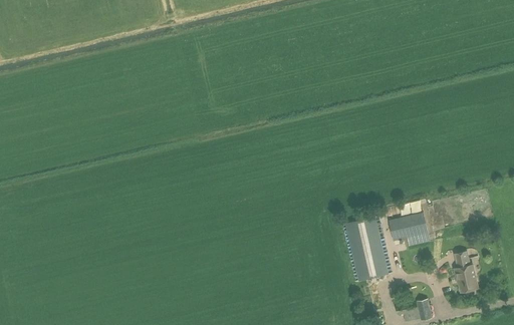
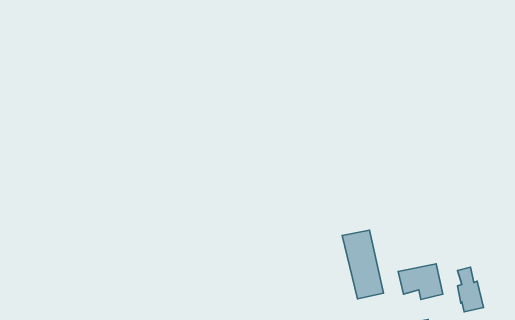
building: [388,214,429,247] -> [398,264,443,300]

